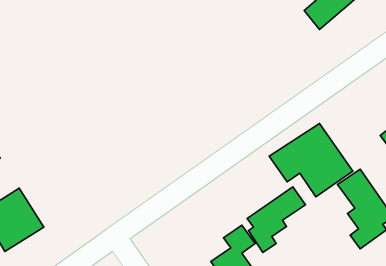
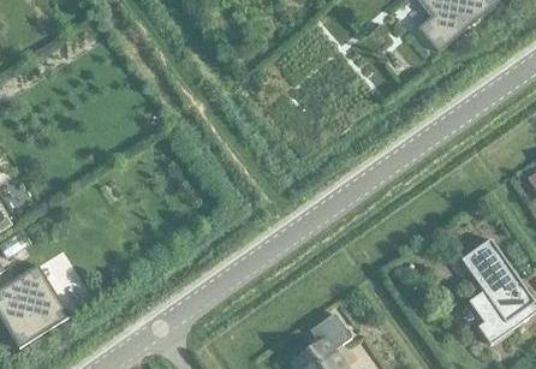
building: [269,123,353,197] -> none
building: [247,187,306,252] -> none

